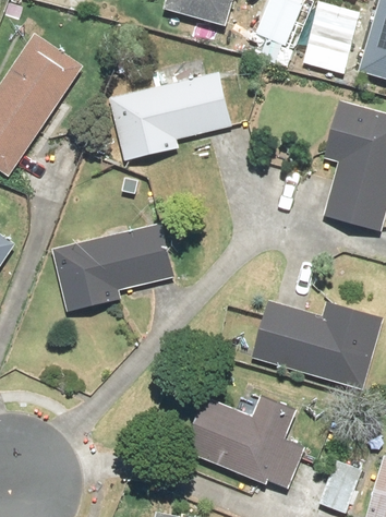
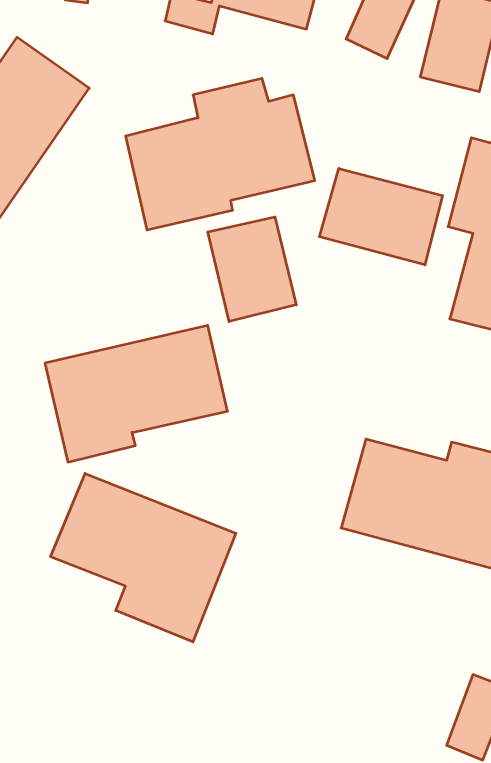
building: none -> [319,168,443,265]
building: none -> [208,217,296,322]
building: none -> [51,473,236,642]
building: [182,392,319,491] -> none

